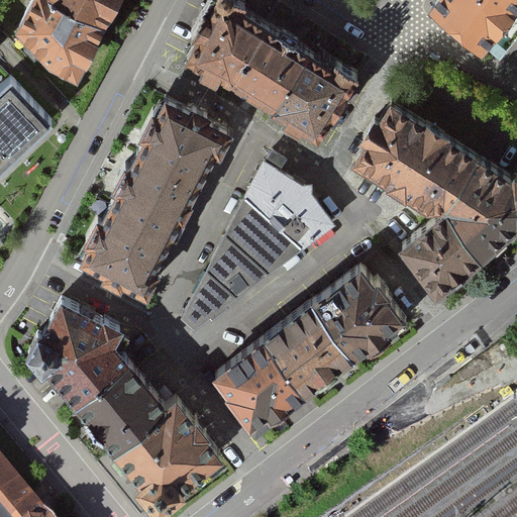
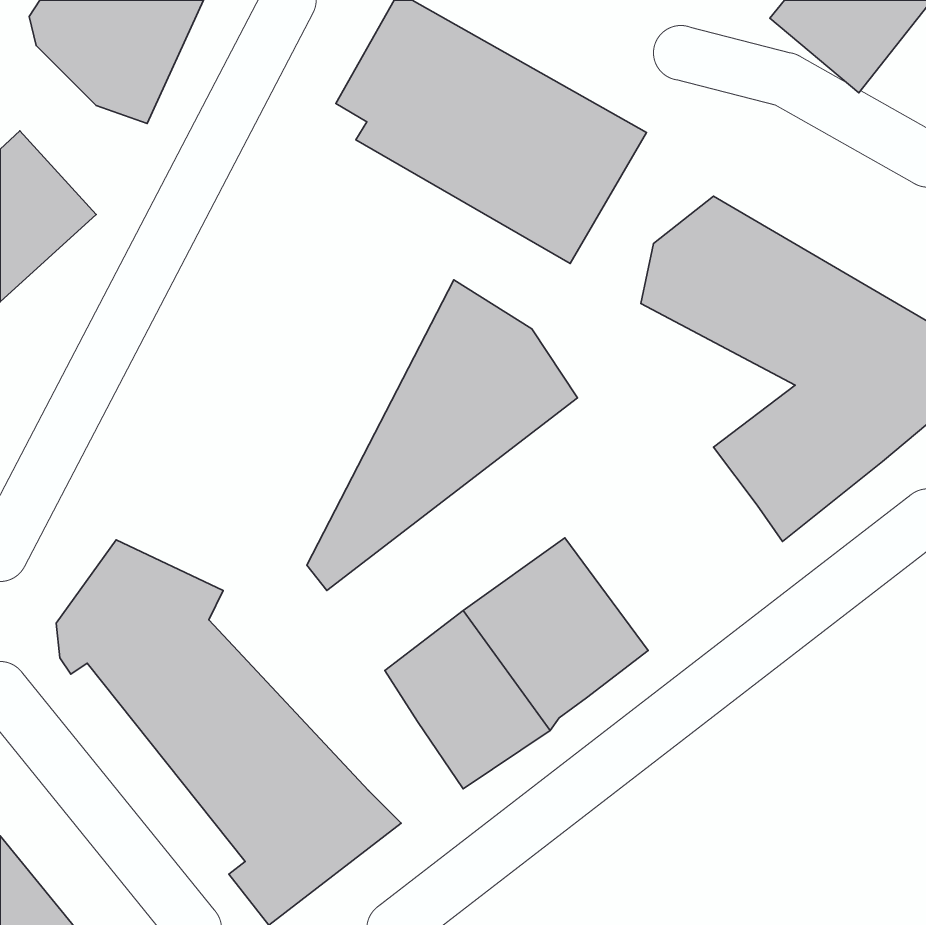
building: [81,97,231,297] -> none
building: [315,265,410,364] -> none

